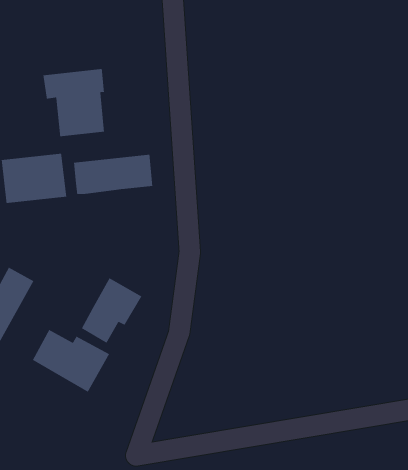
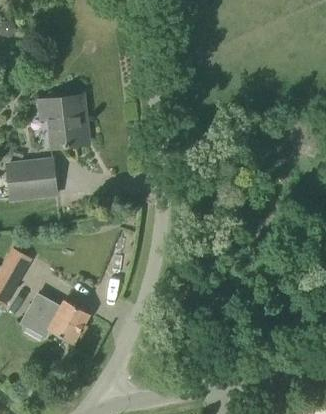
building: [73,154,153,195] -> none
building: [81,277,142,344] -> none

